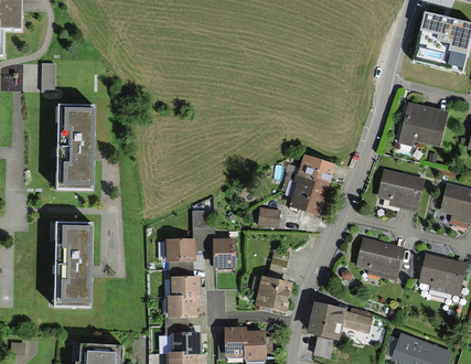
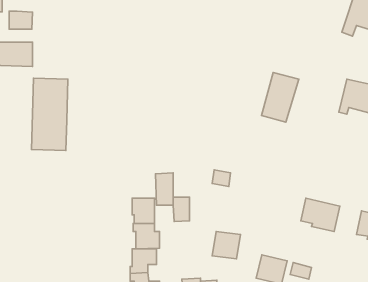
building: none -> [9,11,33,29]
building: [290,157,332,213] -> [262,72,299,122]
building: [378,171,422,208] -> none
building: [51,222,92,303] -> none

